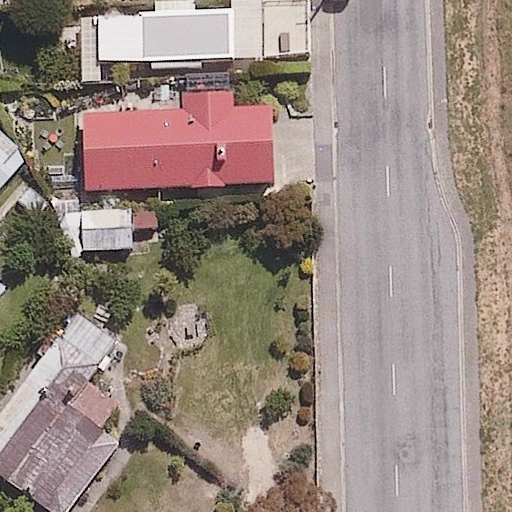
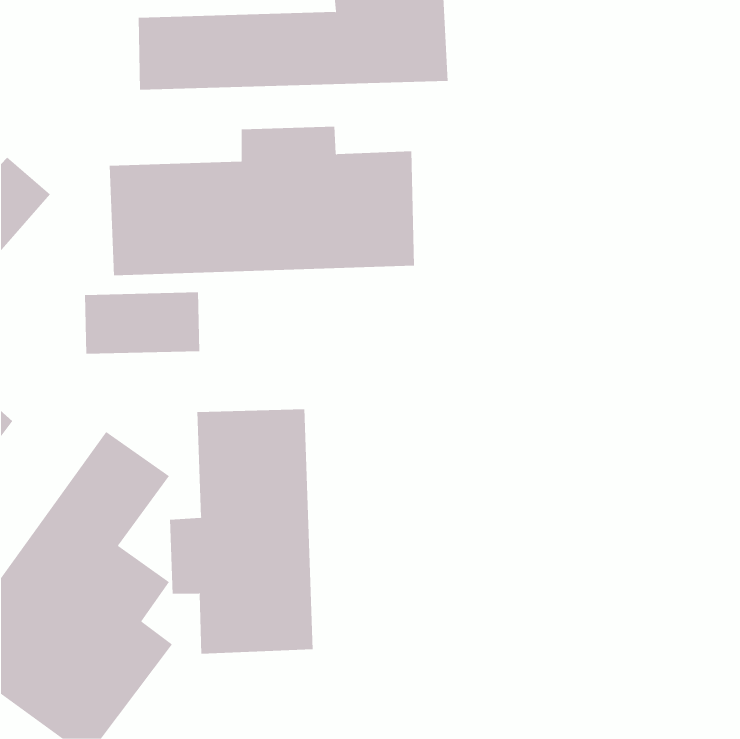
building: none -> [169,408,313,654]

